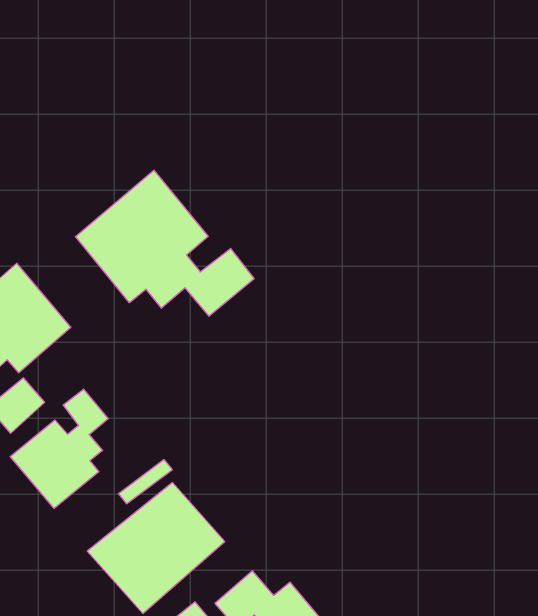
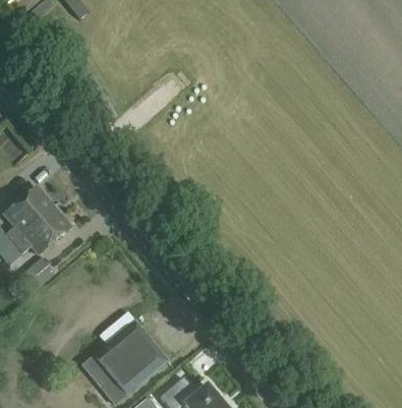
building: [75,170,254,316] -> none
building: [10,389,108,508] -> none

